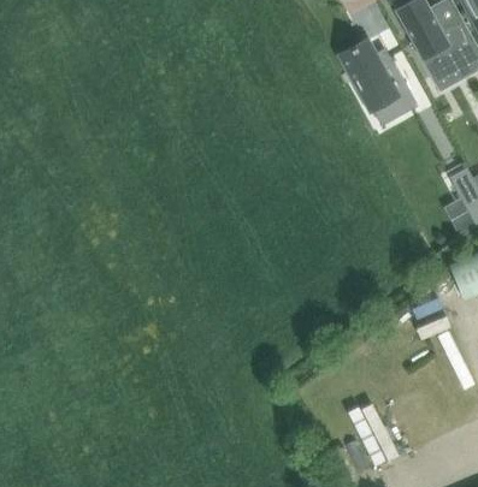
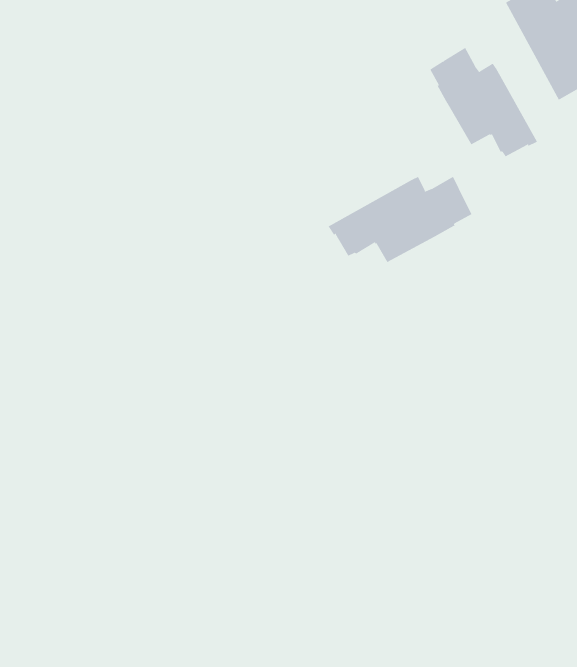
building: none -> [328,176,472,263]

